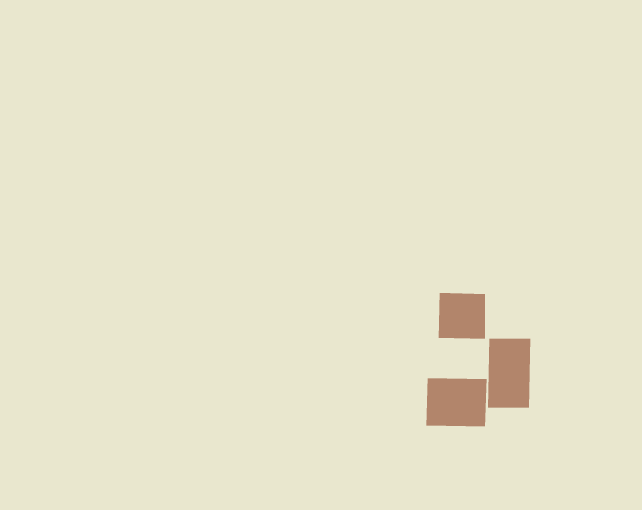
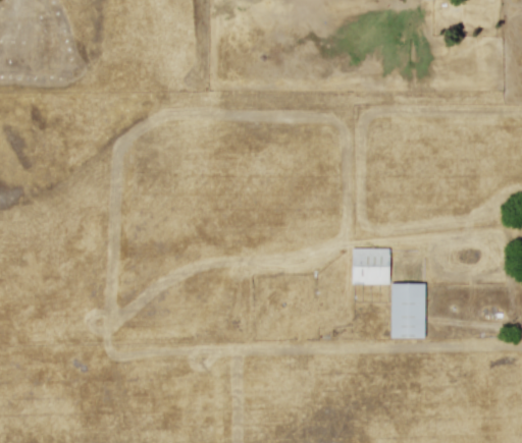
building: [426,378,487,427] -> none

